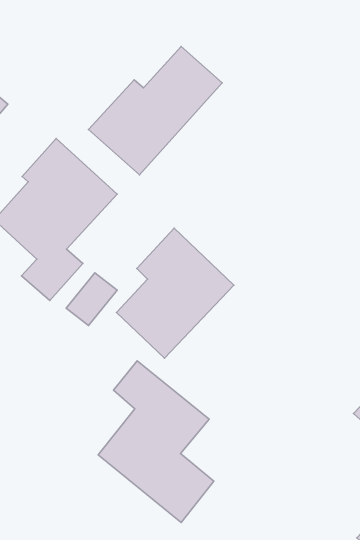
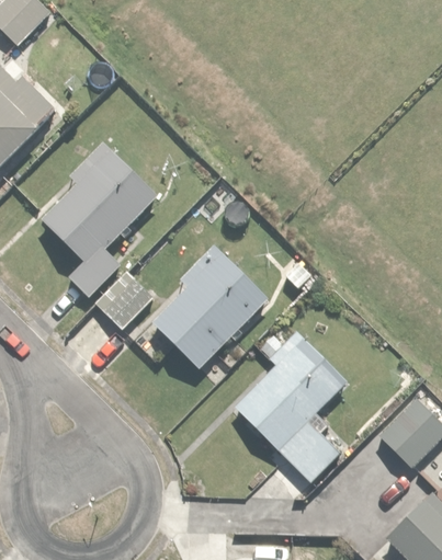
building: [89,46,222,175] -> none
building: [98,361,214,522] -> [234,318,345,480]

